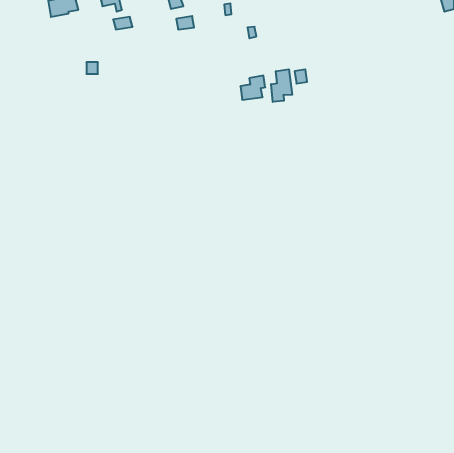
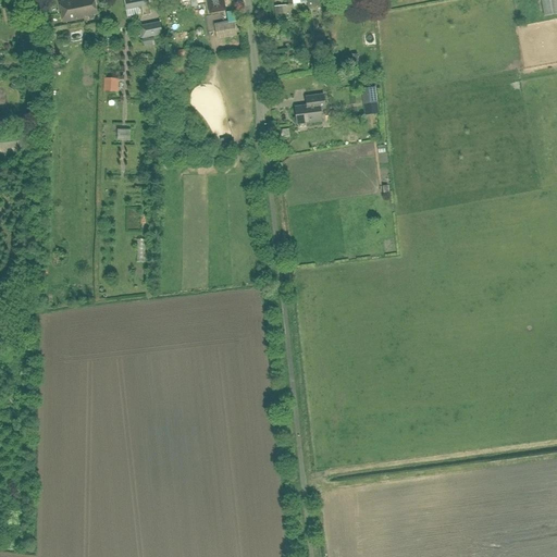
building: [271,69,292,102] -> none

